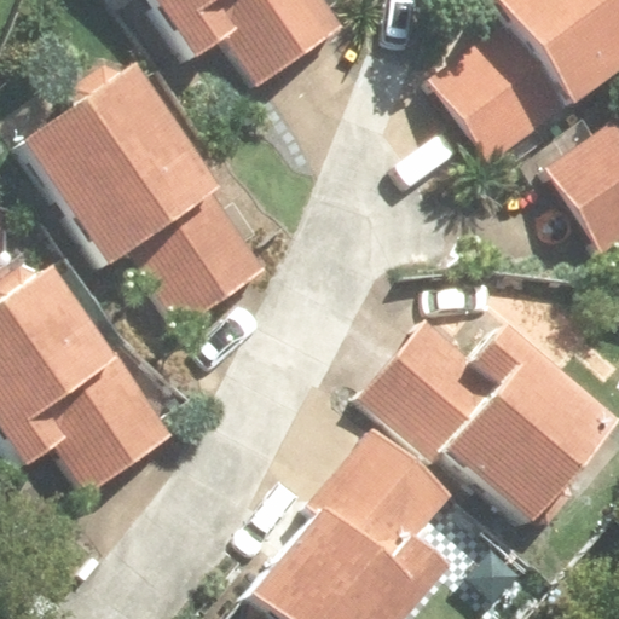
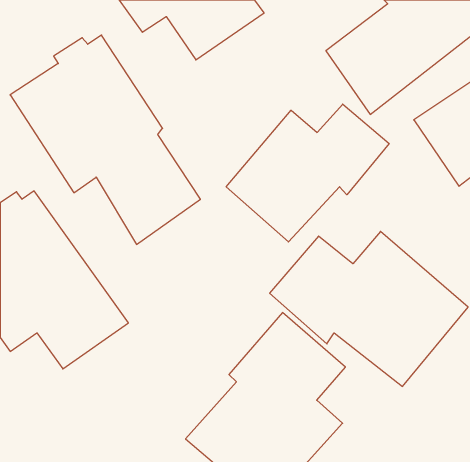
building: none -> [226,104,389,242]

